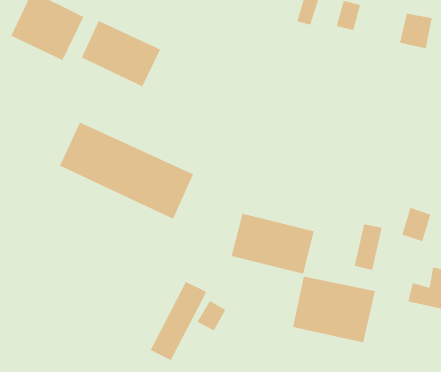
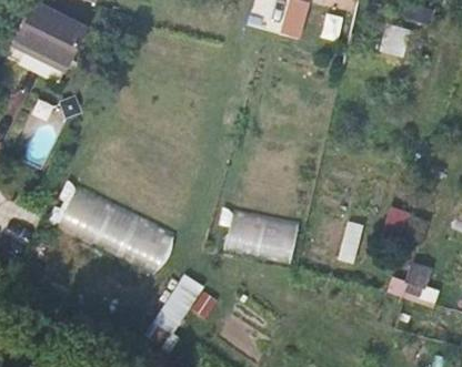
building: [81,20,161,87] -> none
building: [59,122,194,220] -> [50,183,175,274]
building: [292,276,375,343] -> none

